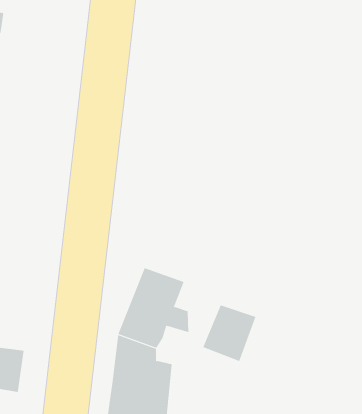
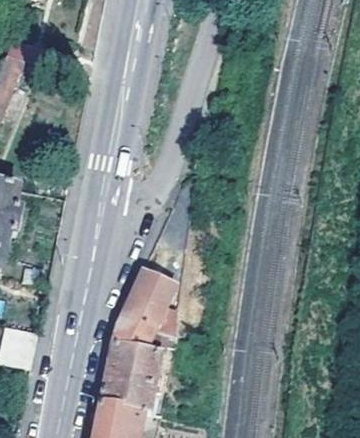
building: [203,305,256,362] -> none

